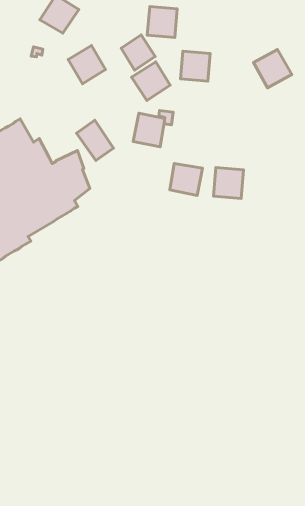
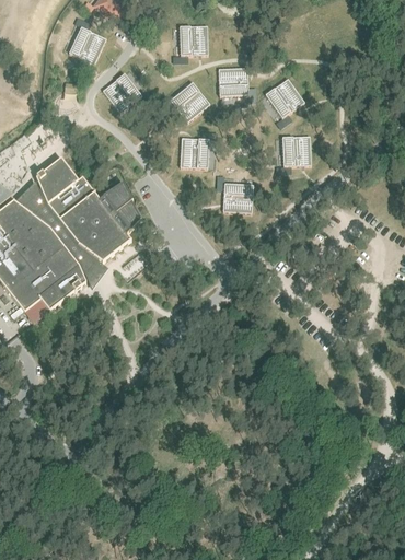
building: [121,35,155,70] -> none
building: [254,49,292,88] -> [264,78,304,118]
building: [77,120,113,161] -> none
building: [214,168,244,198] -> [281,136,311,166]

